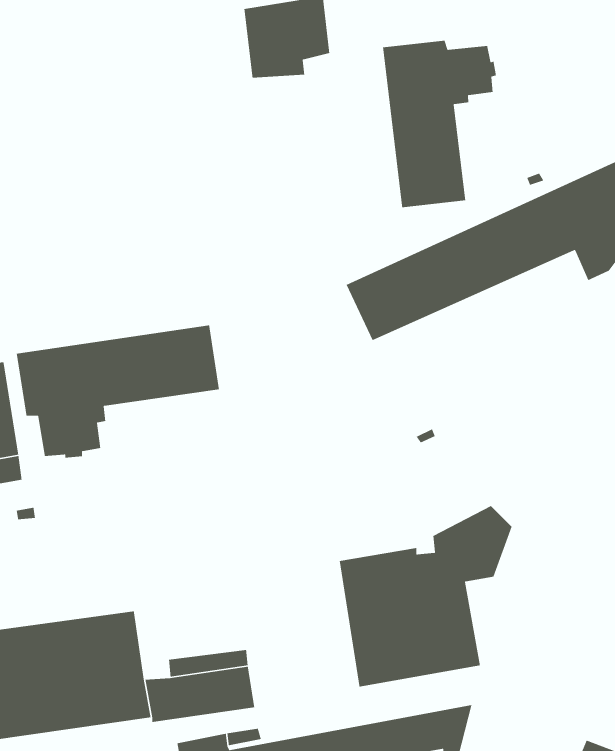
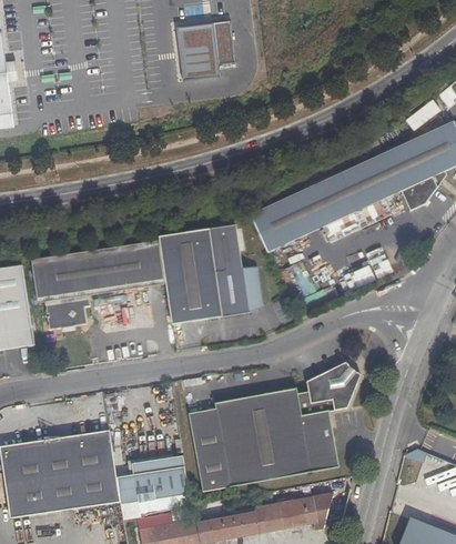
building: [382,40,497,208] -> none
building: none -> [156,225,261,324]
building: none -> [186,397,256,492]

